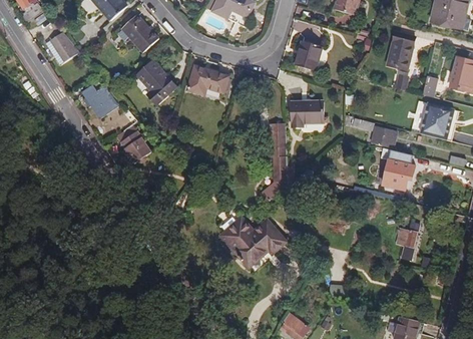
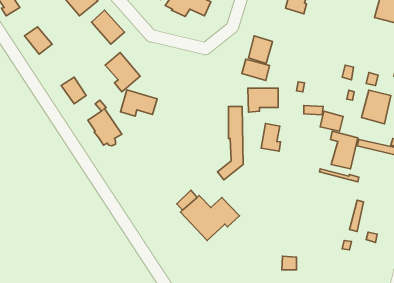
building: [386,33,413,70] -> none
building: [188,64,228,93] -> [120,90,157,116]
building: none -> [242,59,270,81]
building: none -> [261,124,280,151]

